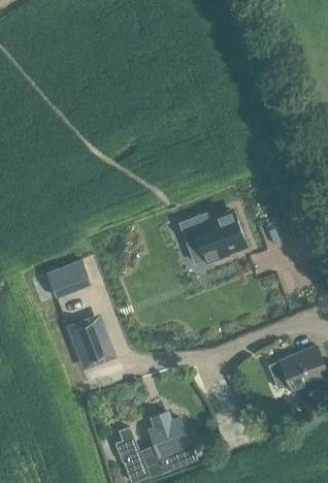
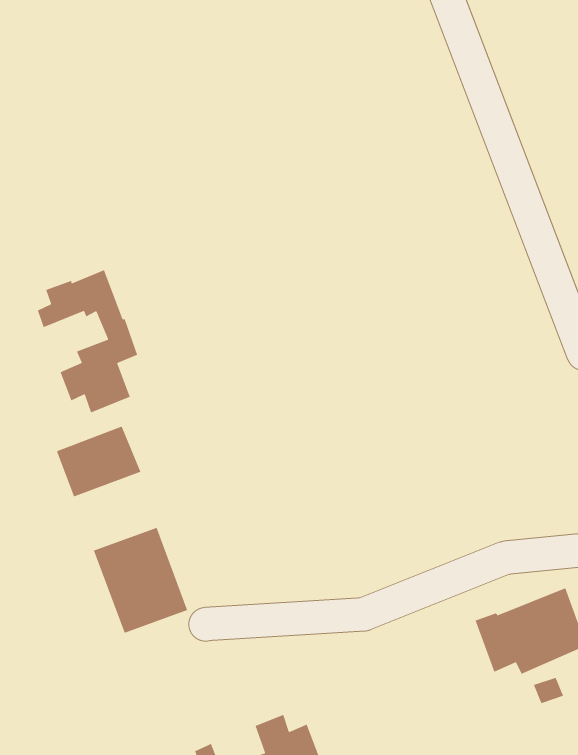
building: none -> [37,269,138,413]
building: [179,213,245,263] -> none

